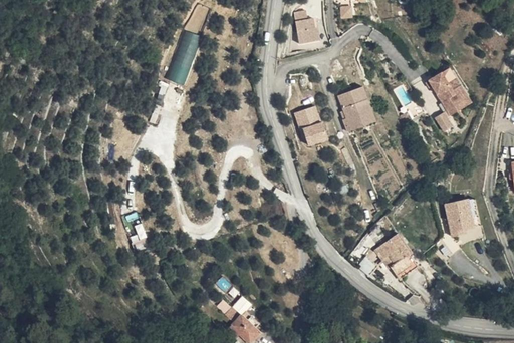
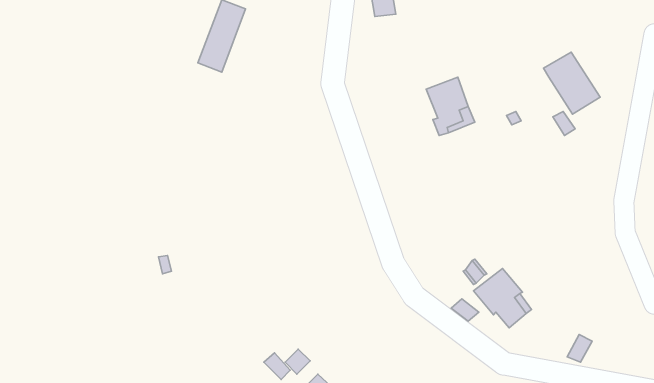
building: [294,103,327,145] -> none
building: [445,197,475,232] -> none

